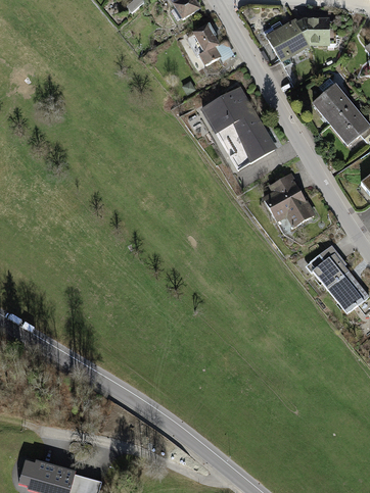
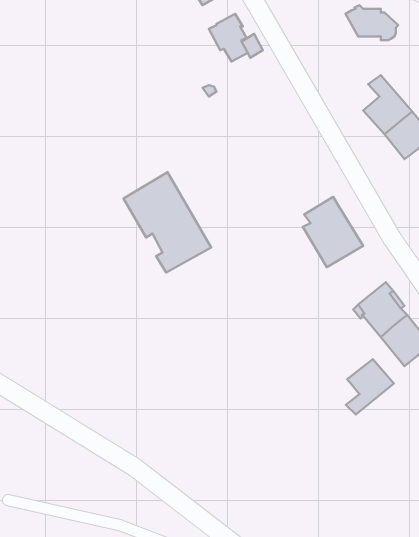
building: [263,21,309,67] -> none
building: [202,88,274,169] -> [124,172,211,273]
building: none -> [346,359,394,414]

